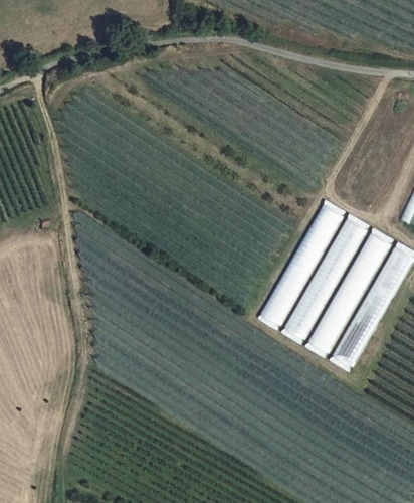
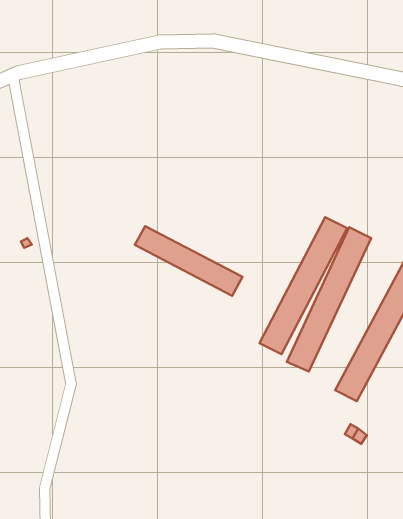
building: none -> [135,226,243,296]
building: [310,225,390,358] -> none

